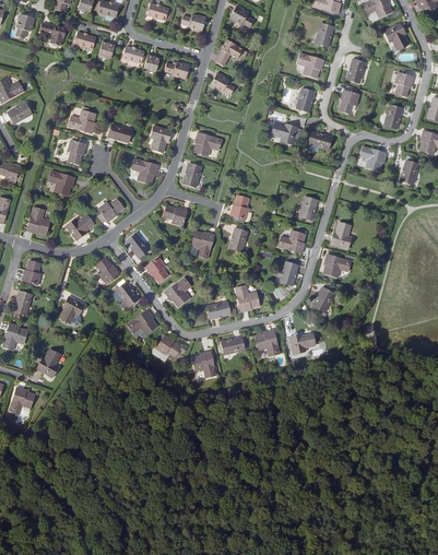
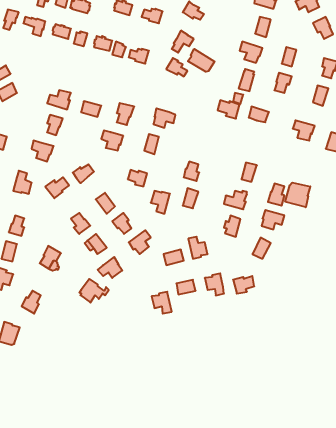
building: none -> [188,49,215,72]
building: none -> [285,183,310,207]
building: [152,333,187,362] -> [79,279,109,303]

